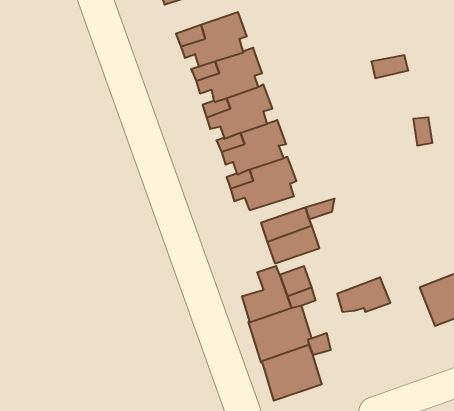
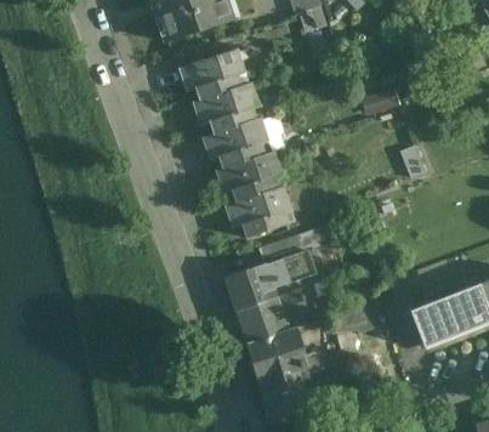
building: none -> [227,267,273,319]

